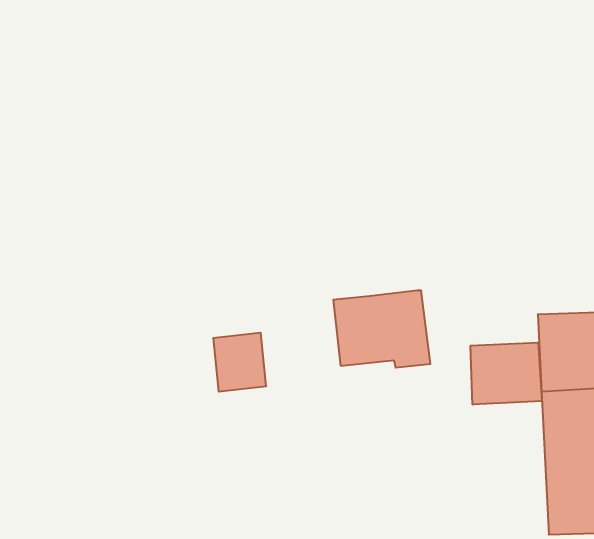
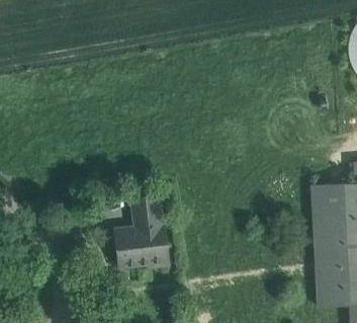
building: [333,291,430,368] -> [115,225,169,267]
building: [471,342,542,405] -> none

